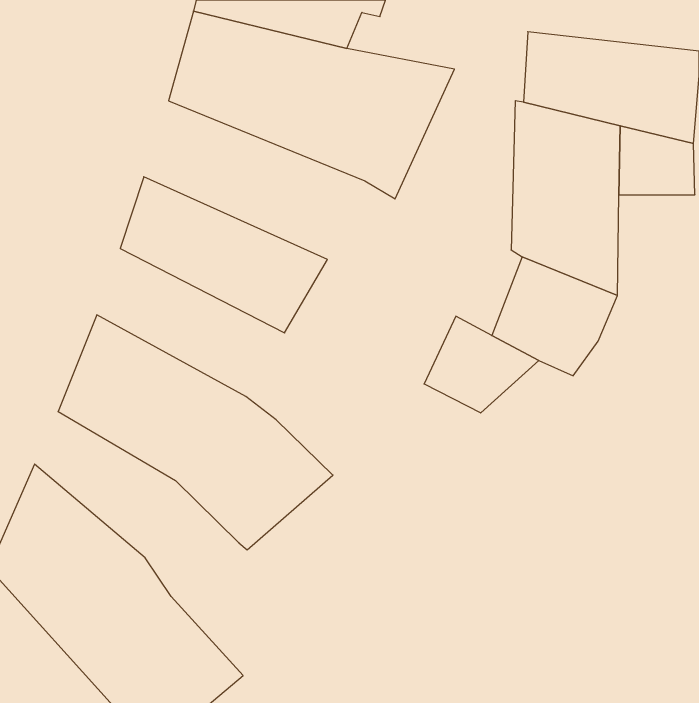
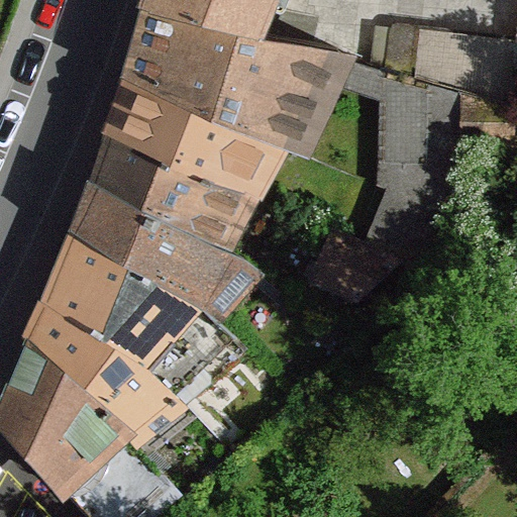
building: none -> [105,76,267,192]
building: none -> [71,184,241,309]
building: none -> [25,303,175,438]

